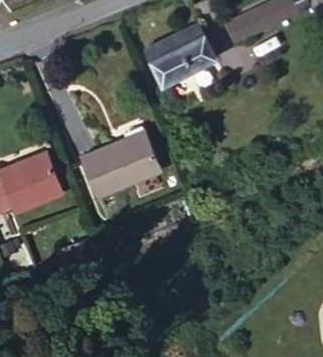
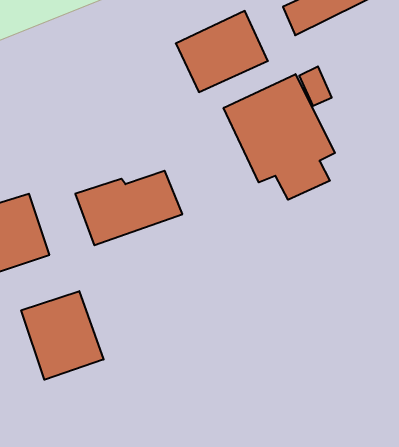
building: none -> [224,74,335,200]
building: none -> [21,291,104,380]

